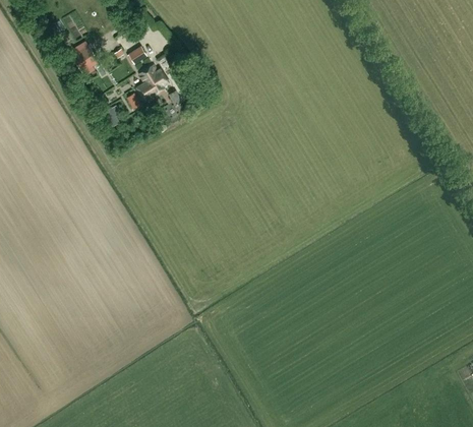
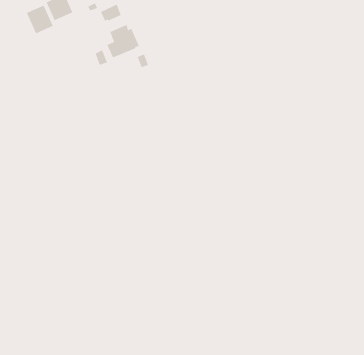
building: none -> [26,5,53,34]

